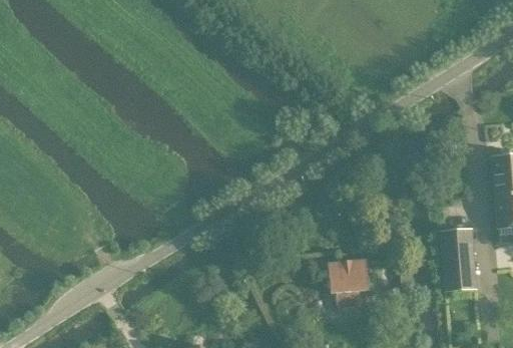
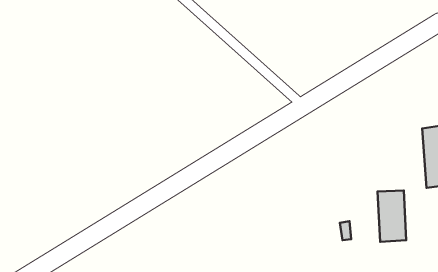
building: [328,266,366,312] -> none

